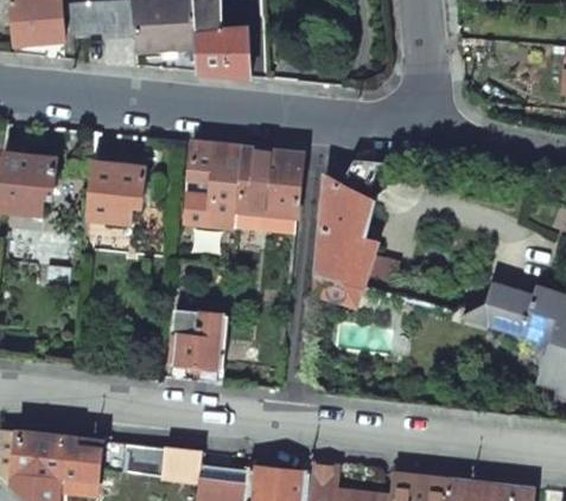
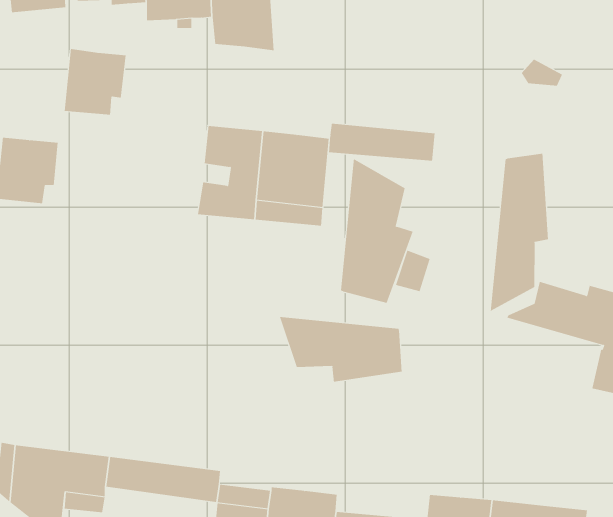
building: none -> [328,123,435,161]
building: [87,161,144,221] -> [64,48,127,115]
building: none -> [490,153,549,312]
building: [167,307,225,366] -> none
building: none -> [279,316,402,383]

